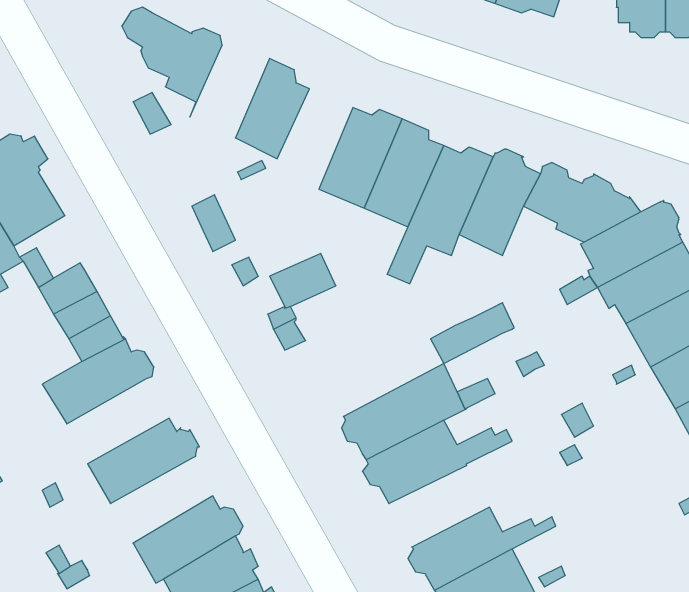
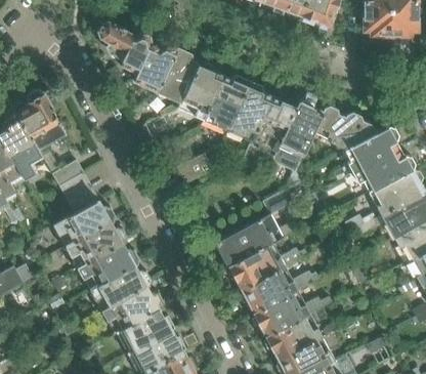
building: none -> [133,42,176,92]
building: none -> [177,61,221,120]
building: none -> [67,222,126,268]
building: none -> [90,265,150,311]
building: none -> [239,269,318,314]

